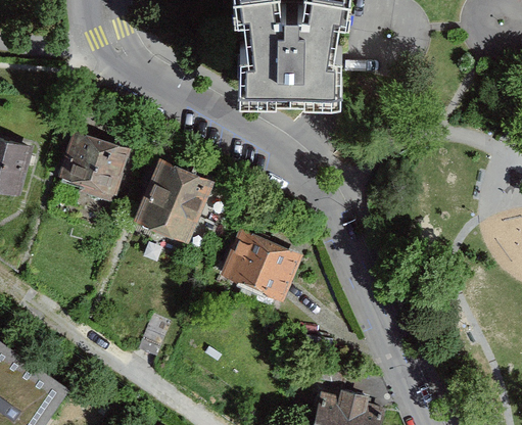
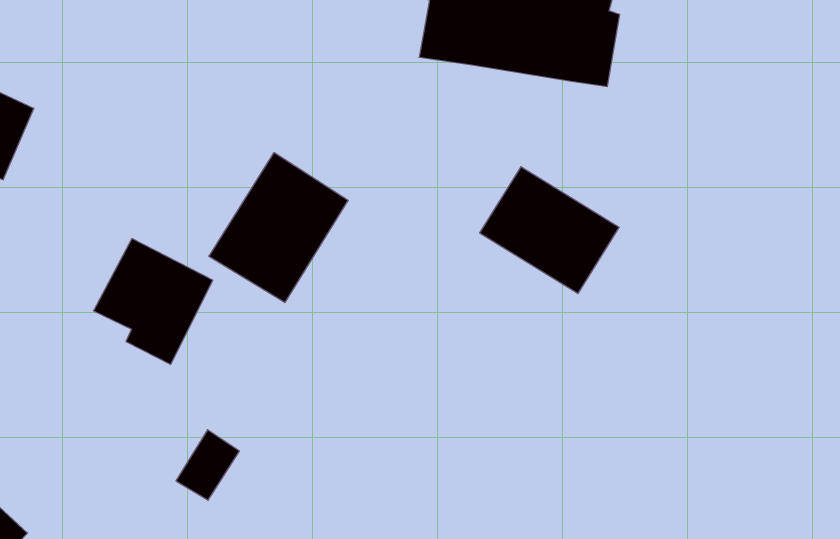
building: [60,141,124,207] -> [93,239,213,365]
building: [223,233,299,298] -> [480,167,619,294]

